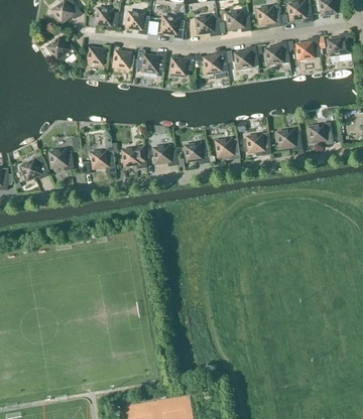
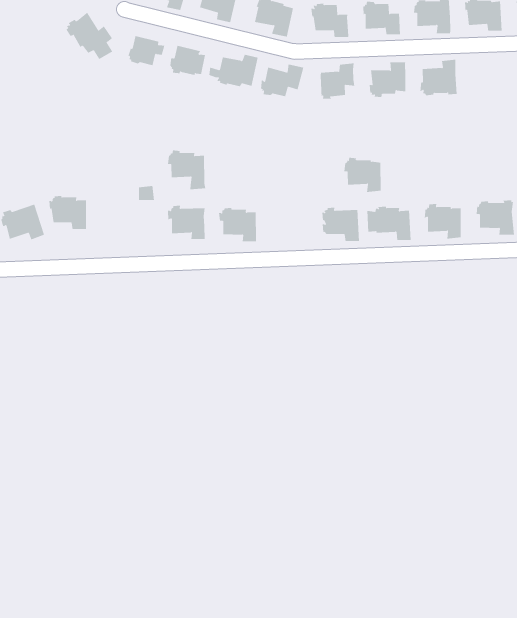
building: [295,37,319,60] -> none
building: [184,144,208,164] -> [344,157,381,192]
building: [90,151,115,174] -> [167,150,206,190]

